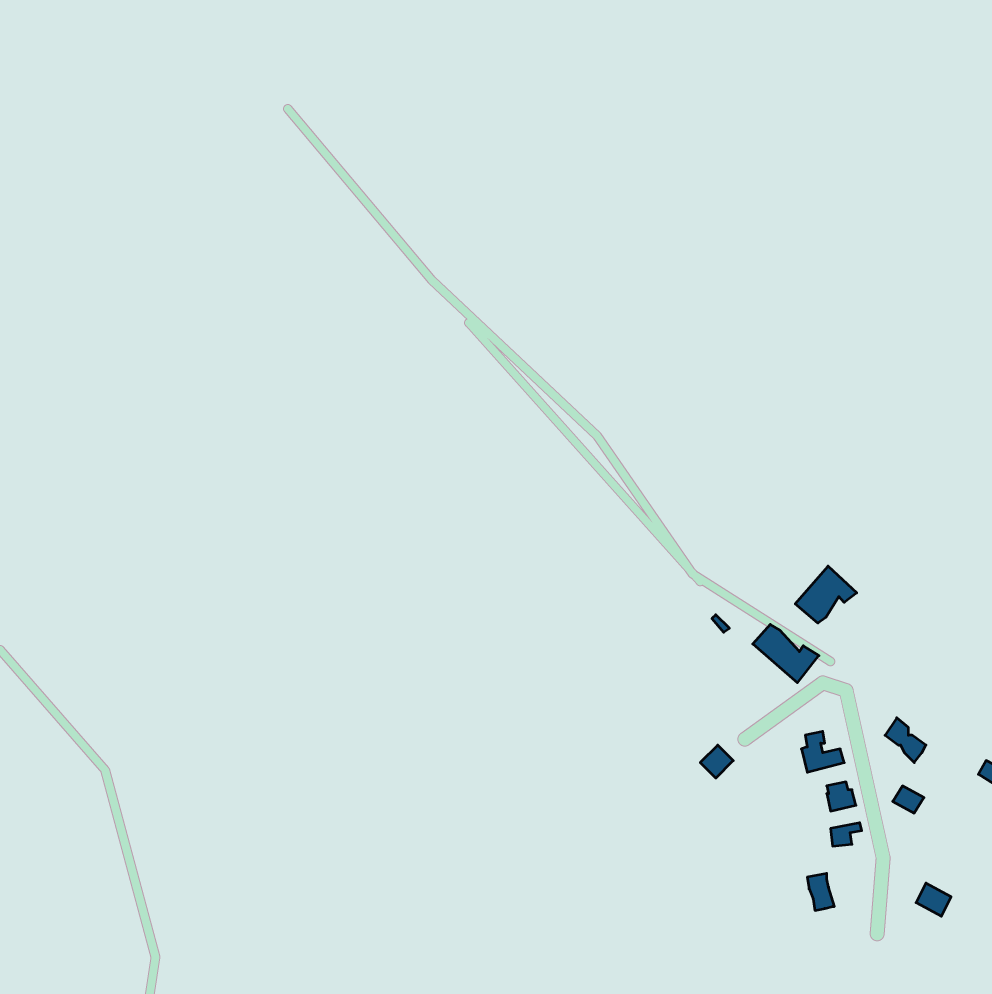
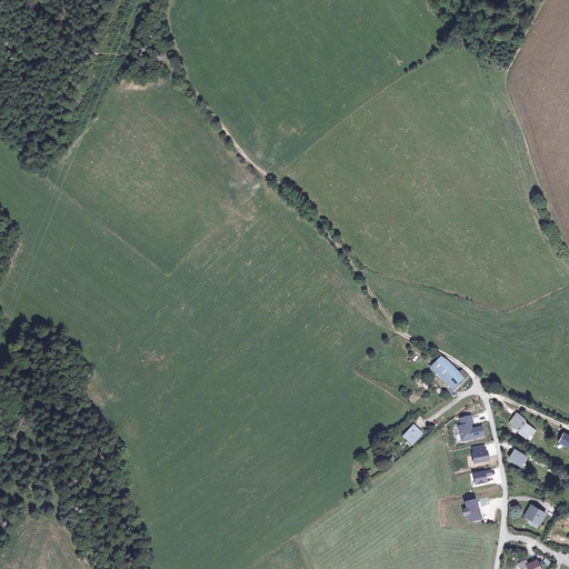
building: [795,566,857,623] -> none

